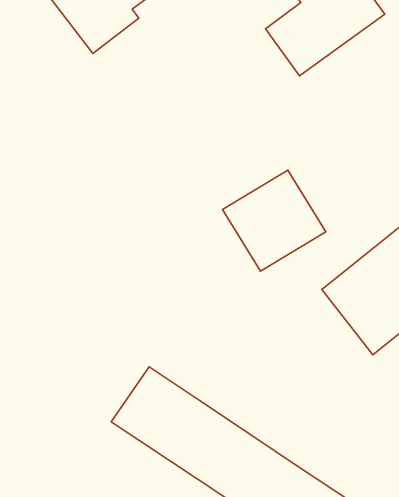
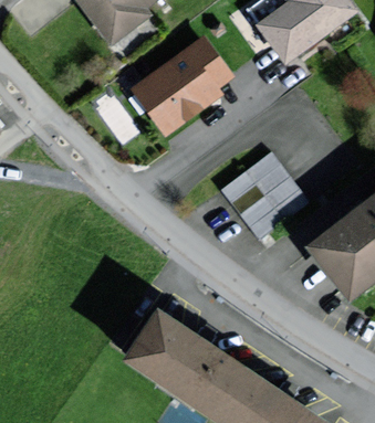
building: none -> [131,36,236,138]

